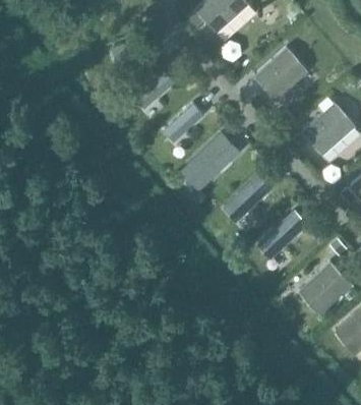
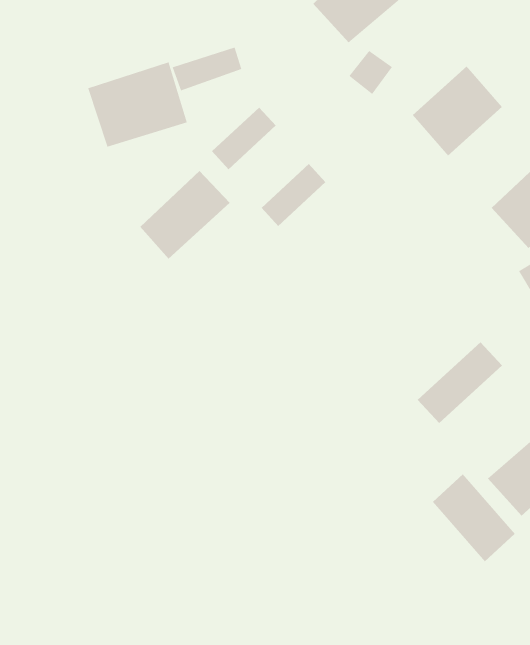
building: none -> [87,61,188,148]
building: [186,132,240,185] -> [139,170,230,259]
building: [222,174,273,223] -> none
building: none -> [432,474,516,562]

